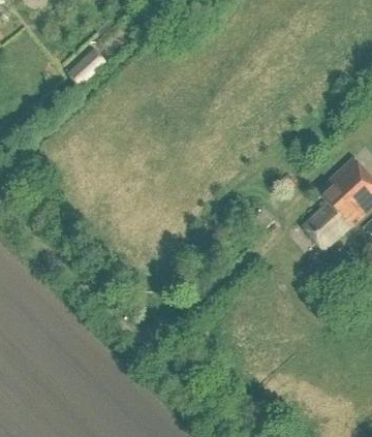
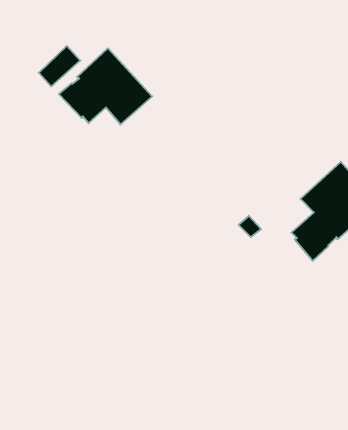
building: none -> [59,48,152,125]

